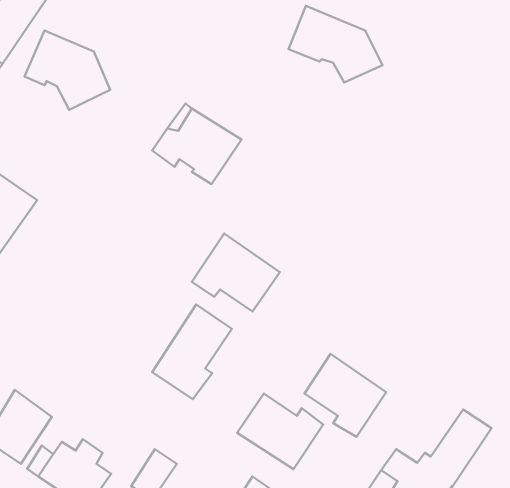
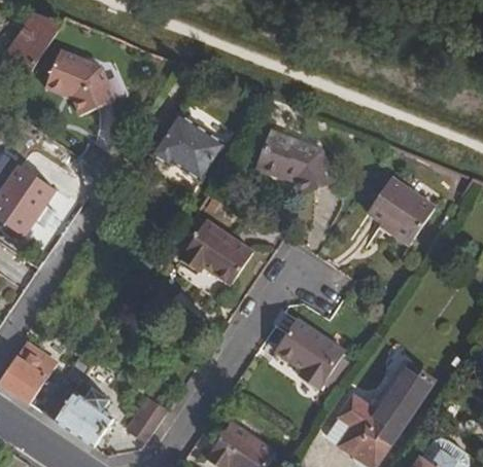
building: [288,6,383,83] -> [257,129,336,192]
building: none -> [368,178,433,242]
building: [152,304,232,399] -> none
building: [237,394,323,469] -> none

